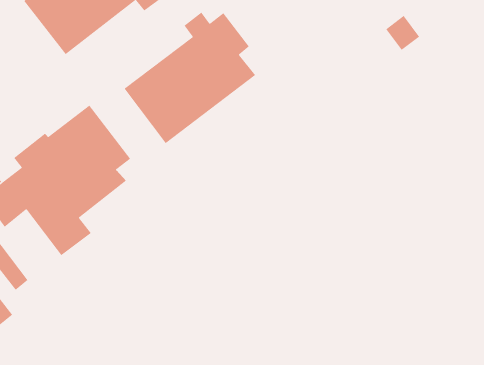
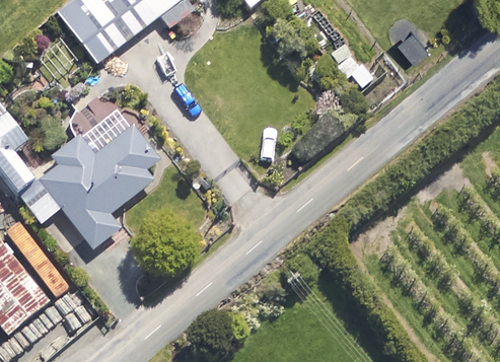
building: [123,12,256,144] -> none

